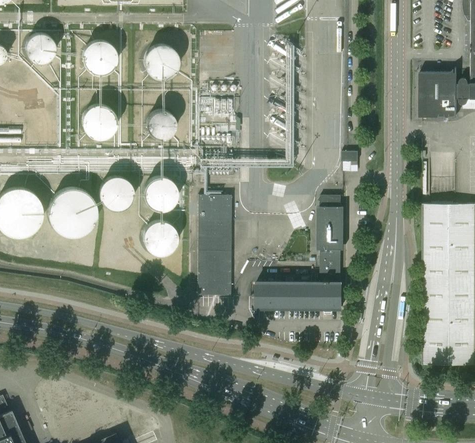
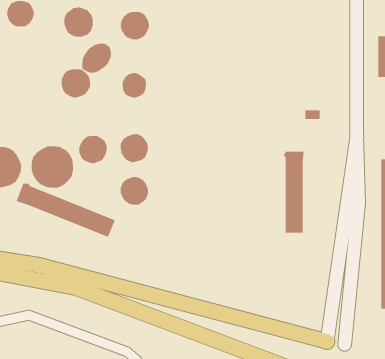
building: none -> [81,43,112,74]
building: [199,196,232,296] -> none
building: none -> [15,183,116,238]
building: [258,283,343,310] -> none

